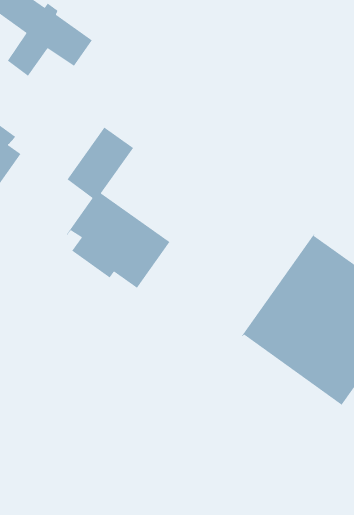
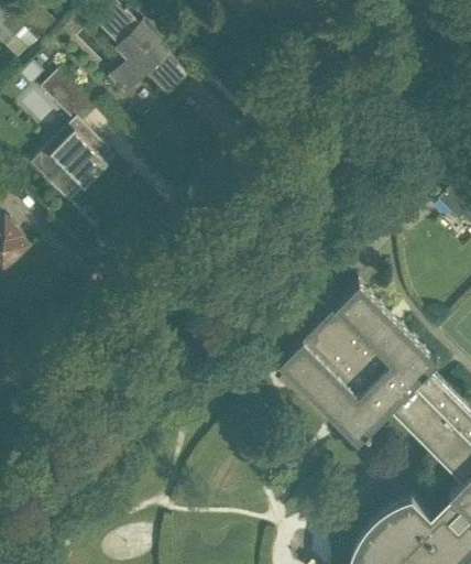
building: [66,126,170,289] -> none

